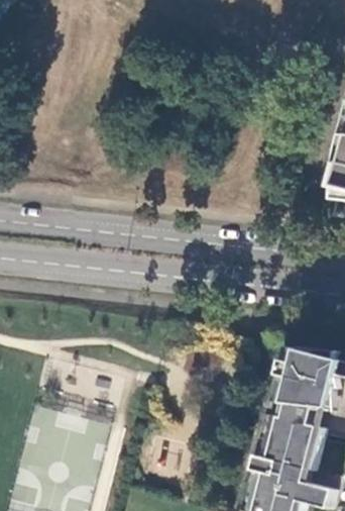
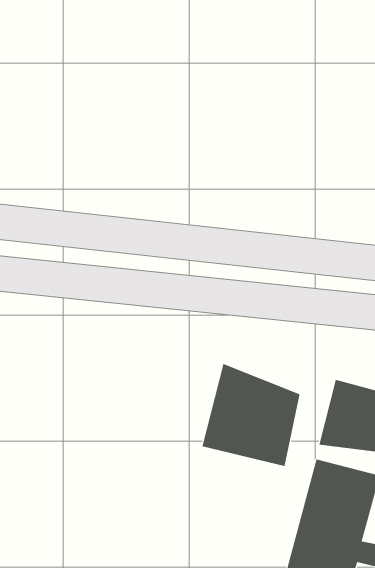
building: none -> [202,363,300,467]

